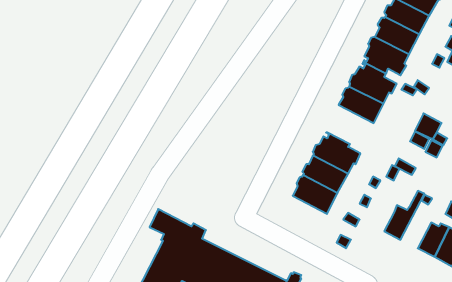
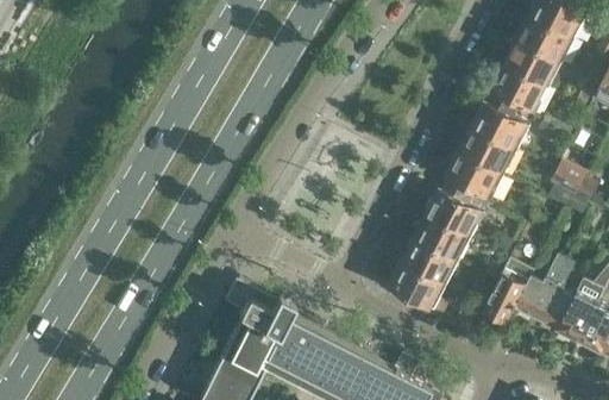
building: none -> [446,150,504,200]
building: none -> [390,263,446,313]
building: none -> [485,273,529,323]
building: none -> [538,281,576,329]

